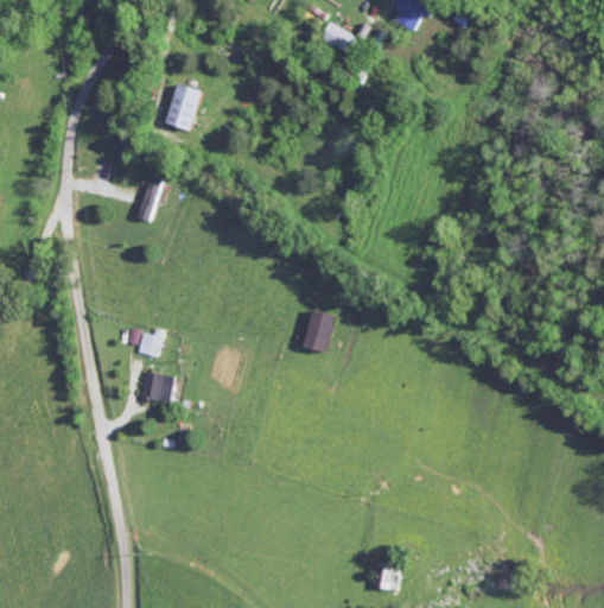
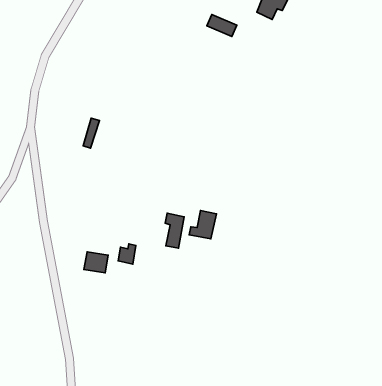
building: [165,82,202,129] -> none
building: none -> [165,213,184,248]
building: [136,327,163,356] -> [118,244,136,264]

